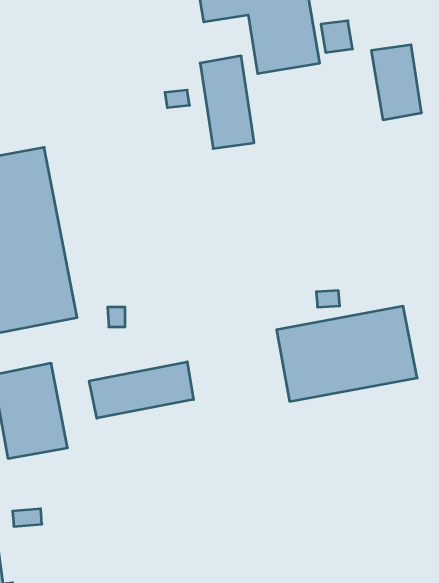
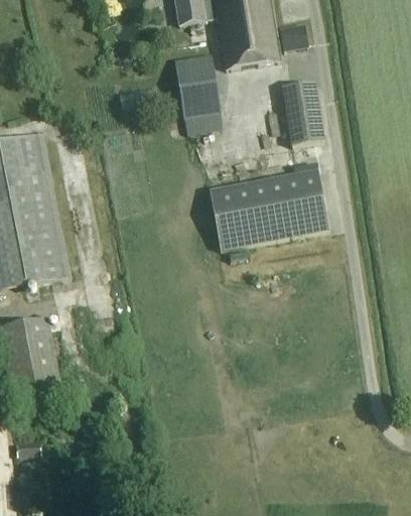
building: [371,45,422,120] -> [280,81,323,145]
building: [277,306,417,401] -> [208,168,328,250]
building: [89,362,194,418] -> none

